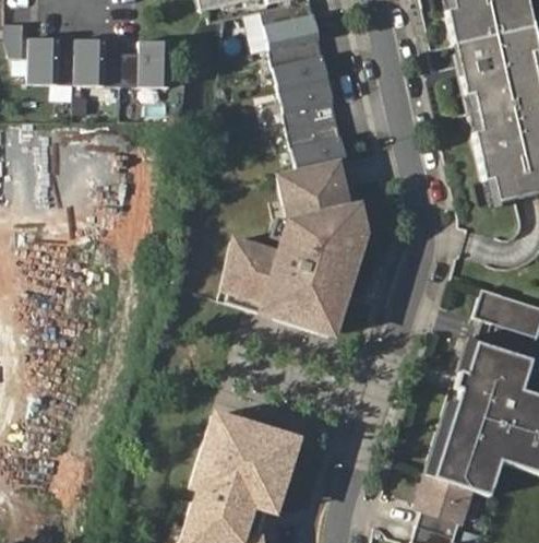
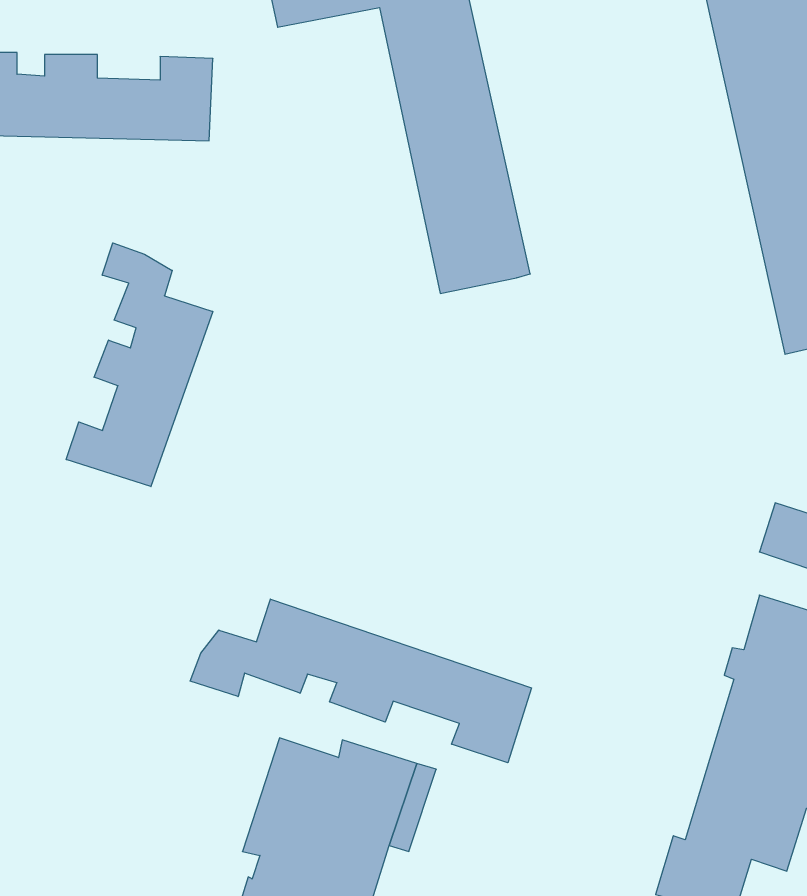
building: none -> [66,243,213,487]
building: [223,164,364,339] -> none
building: none -> [190,599,531,763]

